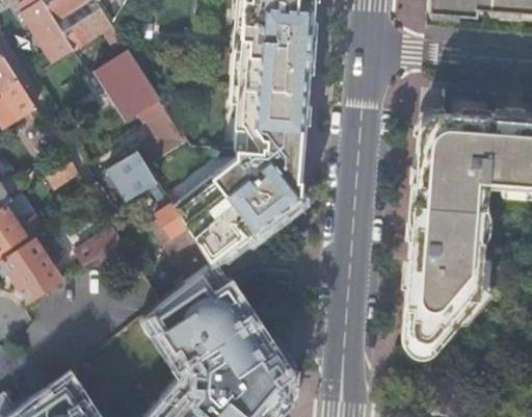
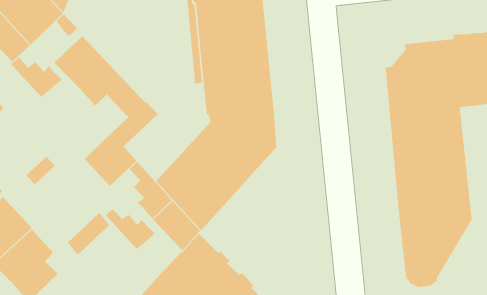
building: none -> [10,57,63,98]
building: none -> [105,208,156,250]

